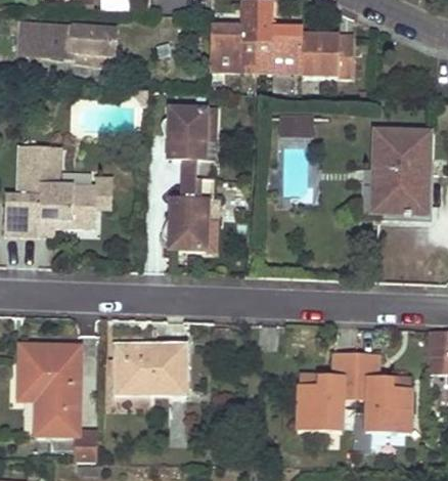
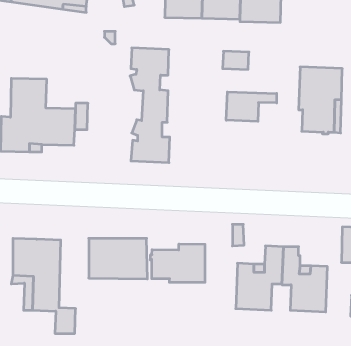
building: none -> [226,92,277,121]
building: none -> [150,244,205,282]

